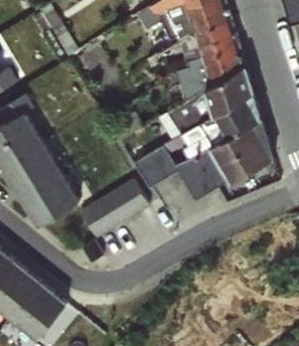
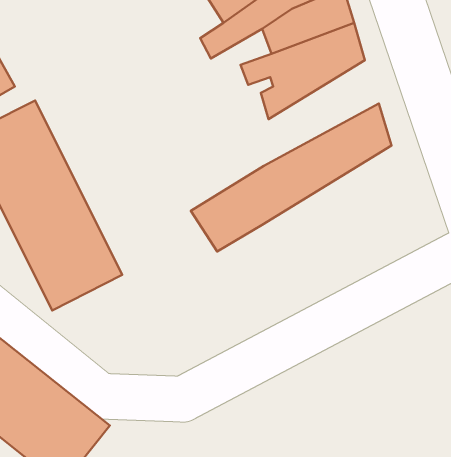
building: [160,69,248,138] -> none
building: [172,125,267,204] -> none
building: [78,178,151,240] -> none

